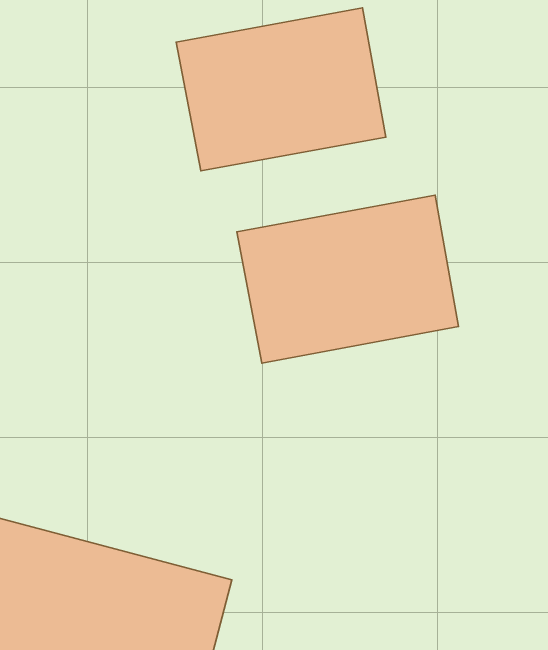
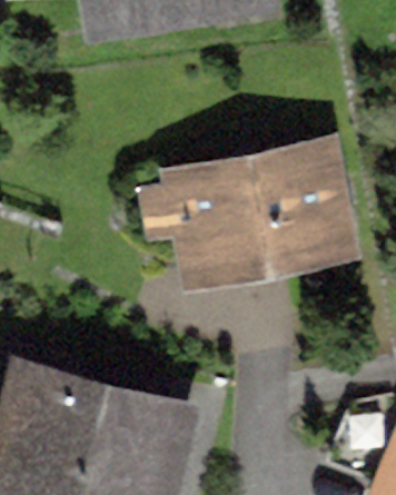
building: [176,8,386,171] -> none

